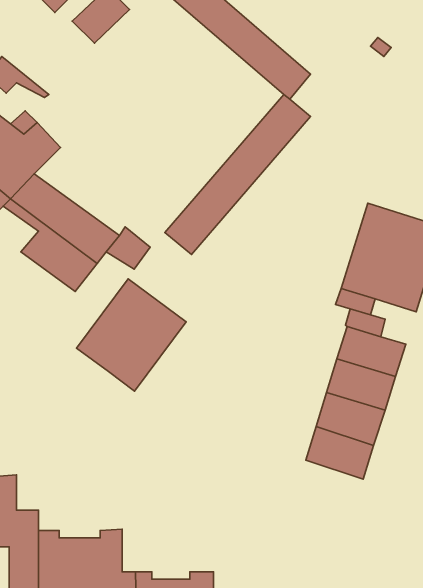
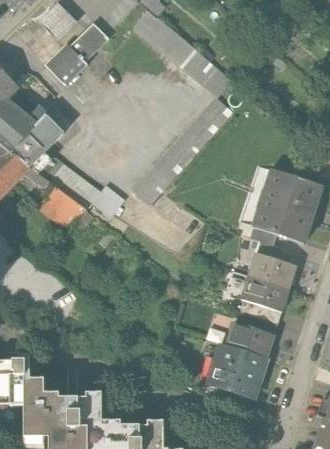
building: none -> [44,43,86,85]
building: [76,279,186,391] -> none
building: none -> [206,343,266,399]

